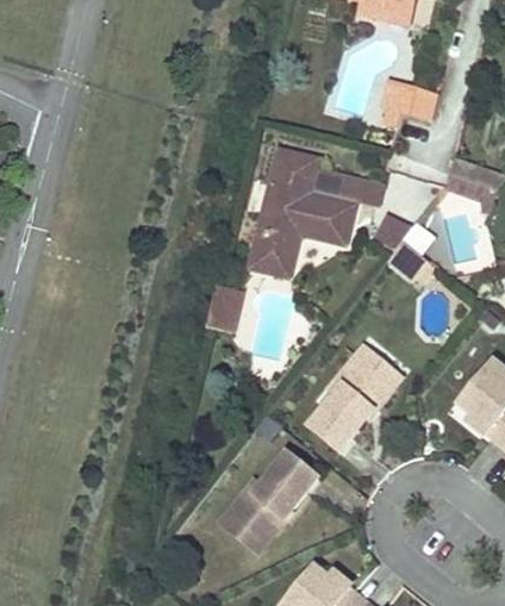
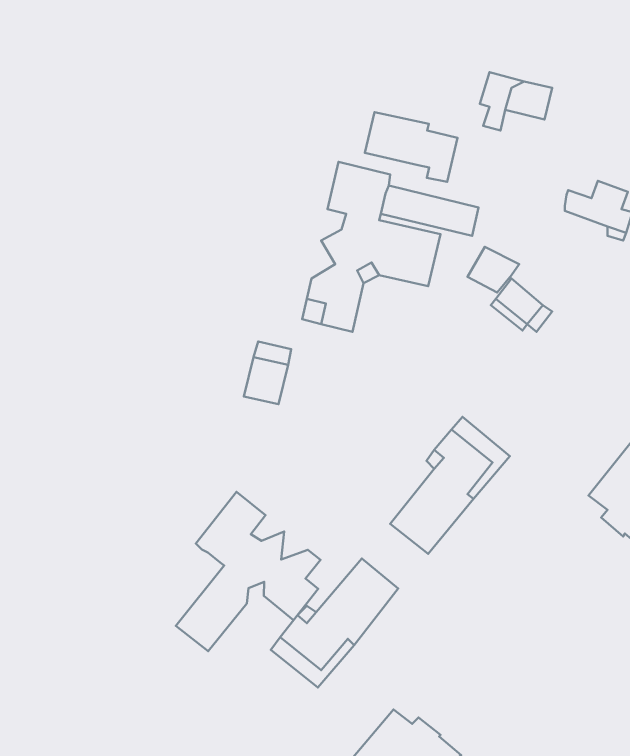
building: none -> [365,112,458,182]
building: none -> [176,492,320,651]

